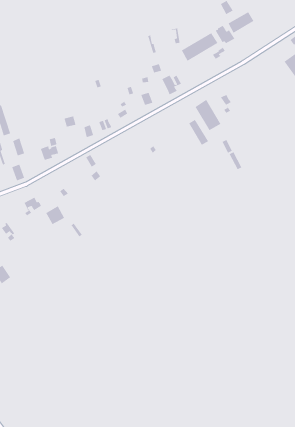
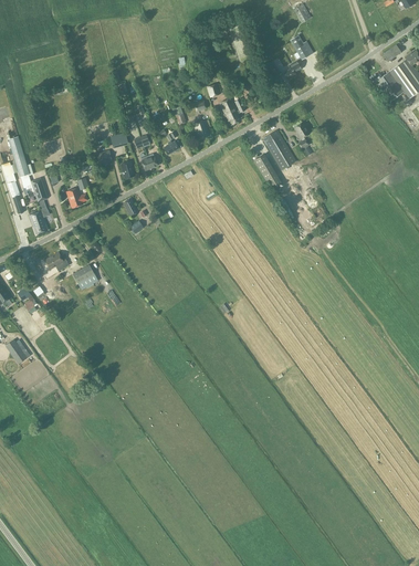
building: [227,11,255,34] -> none
building: [181,32,218,62] -> none

